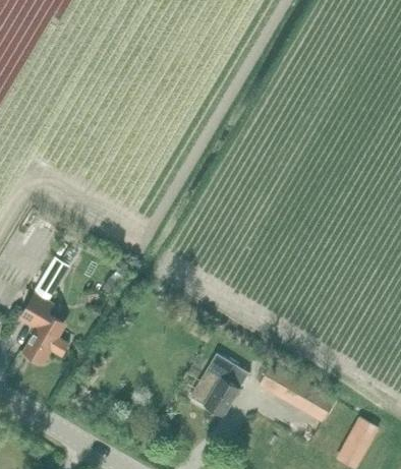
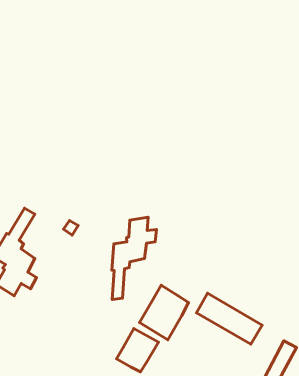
building: none -> [112,217,156,300]
building: none -> [116,329,158,372]

